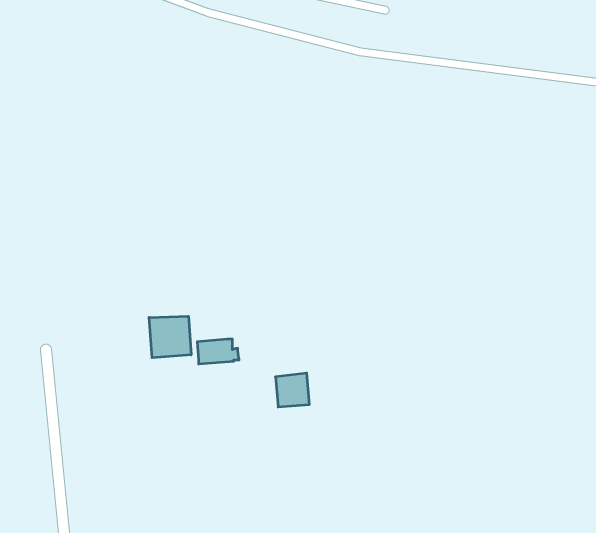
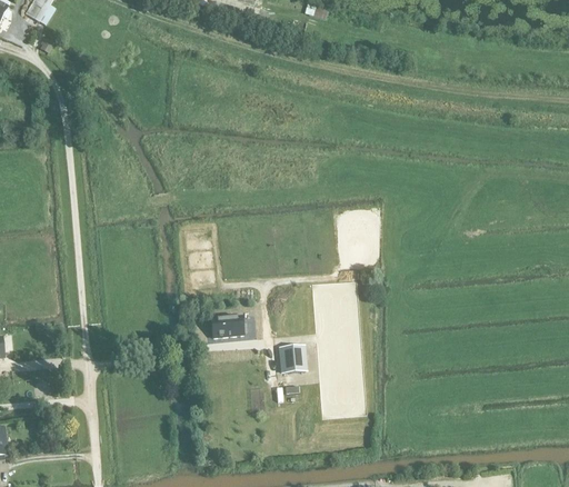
building: [149,316,191,358] -> none

